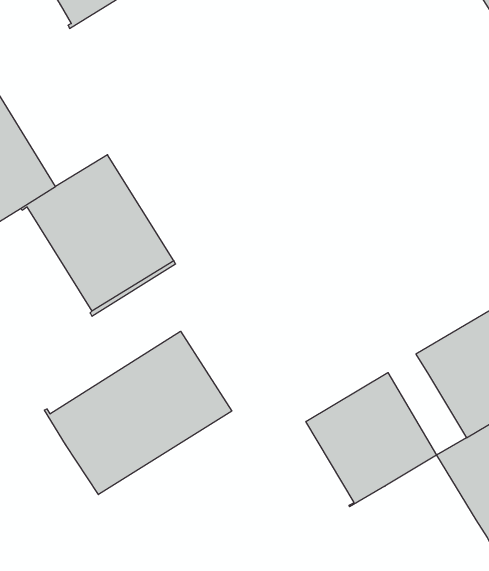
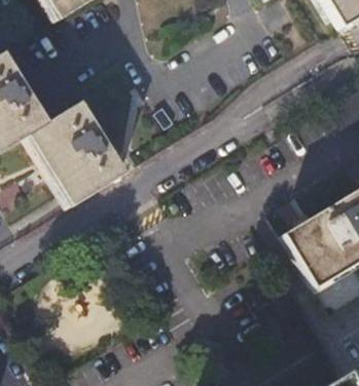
building: [44,331,232,495] -> none
building: [306,373,436,507] -> none

